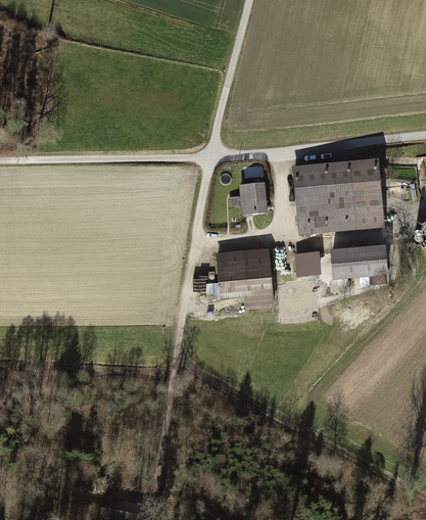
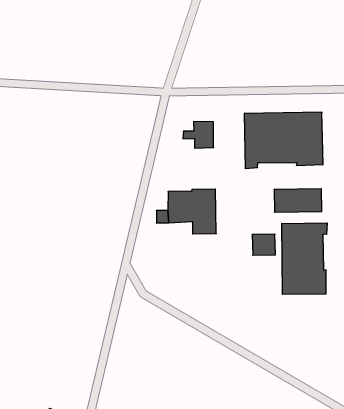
building: [294,248,321,273] -> [252,234,275,255]
building: none -> [282,223,327,294]

